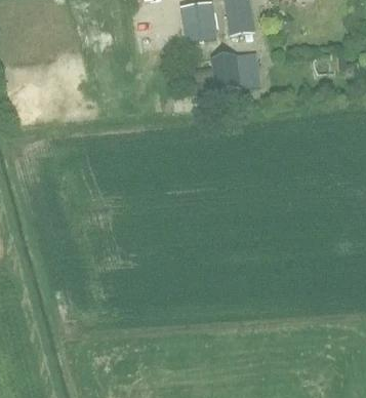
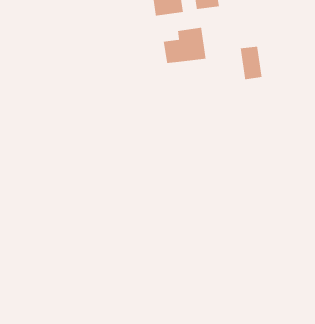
building: [236,50,260,87] -> [240,46,263,80]

